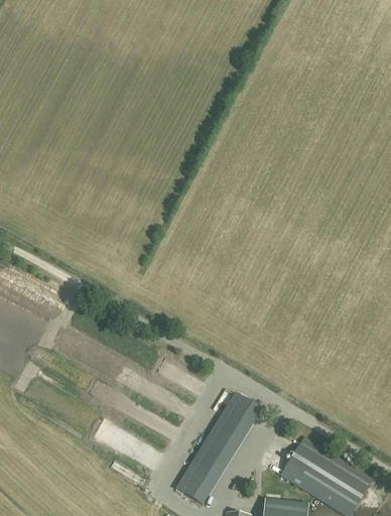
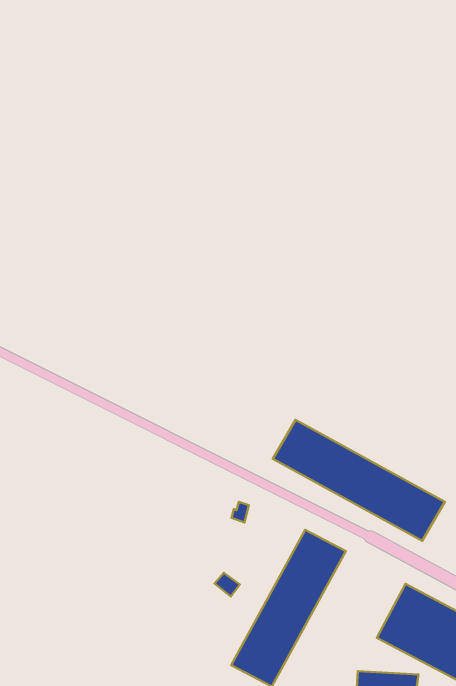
building: none -> [273,420,445,541]

